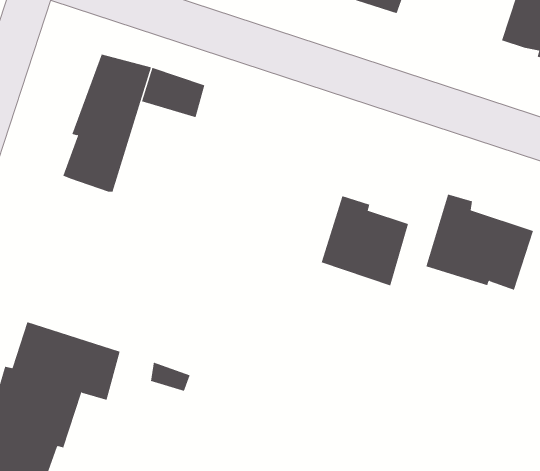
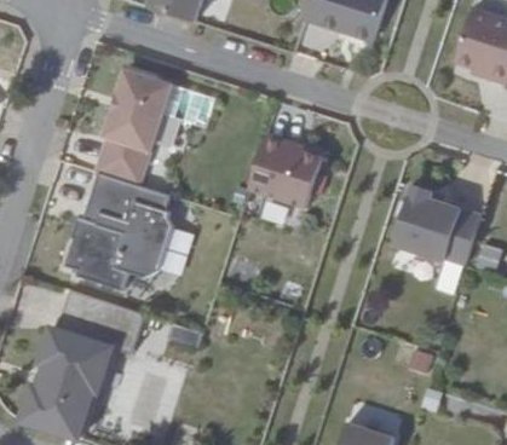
building: none -> [68,174,167,282]
building: [321,196,409,286] -> [247,134,318,208]

